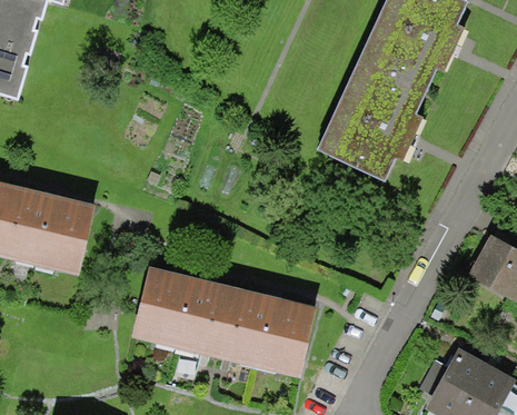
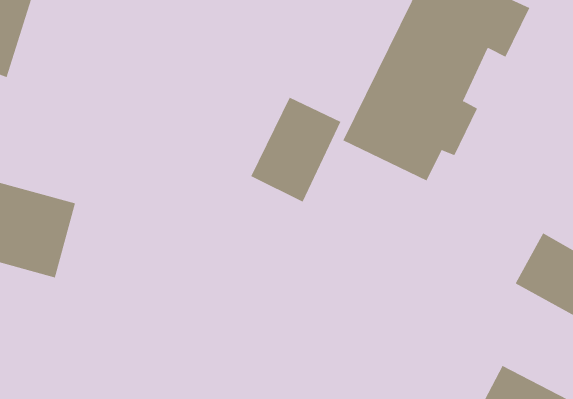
building: none -> [250,97,341,202]
building: [122,265,307,374] -> none

